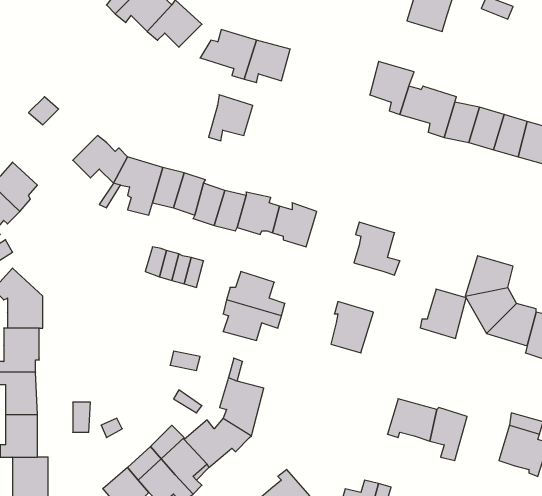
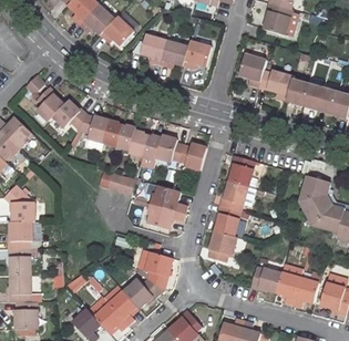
building: [209,95,253,141] -> [184,40,212,69]
building: none -> [37,86,64,122]
building: [420,289,466,338] -> [219,180,248,211]
building: none -> [208,231,238,261]
building: none -> [292,277,319,308]

